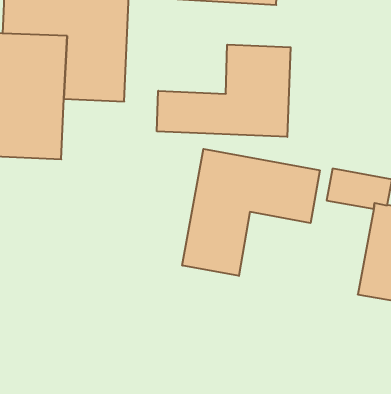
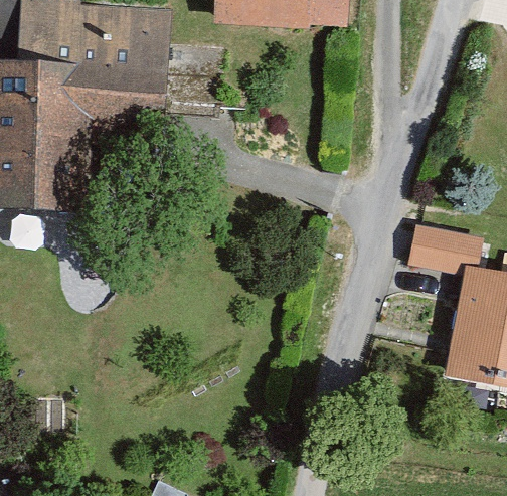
building: [157,45,291,137] -> none
building: [182,149,320,276] -> none

